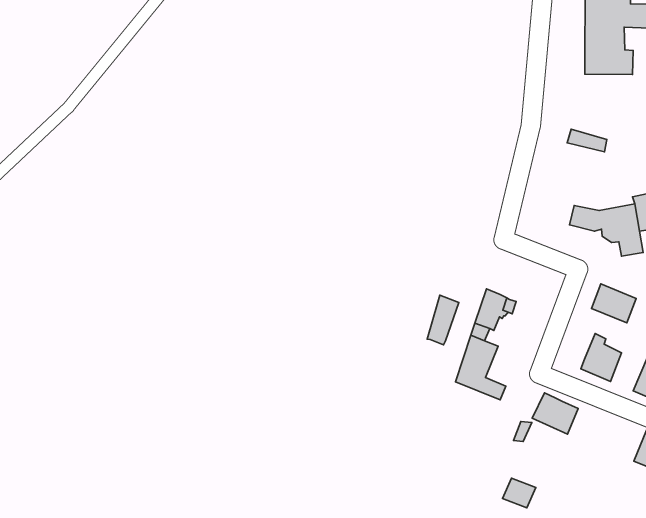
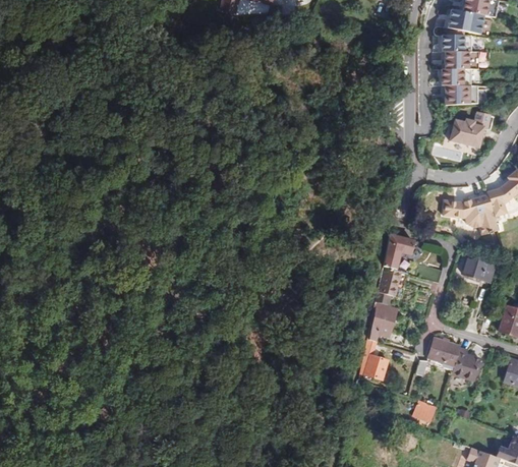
building: none -> [450,117,483,145]
building: [427,295,459,345] -> [384,234,404,270]
building: [581,334,622,381] -> [452,347,480,381]
building: none -> [359,344,388,380]

